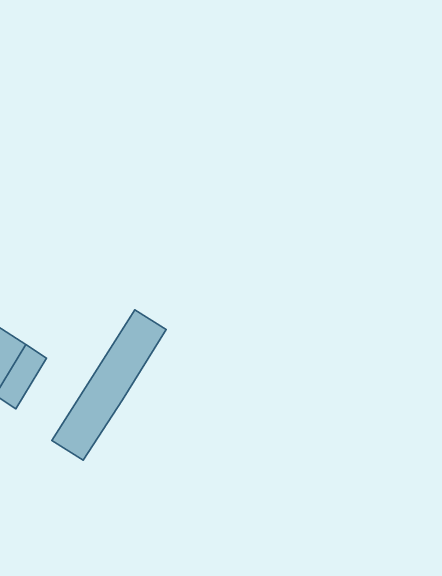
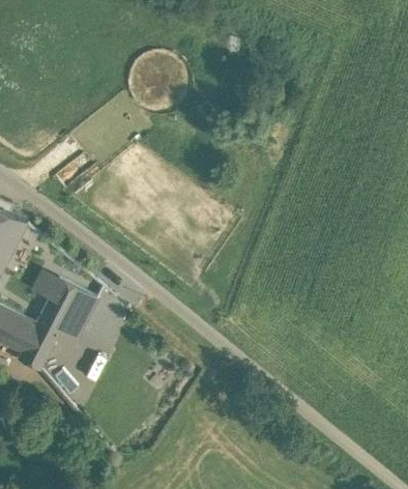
building: [52,310,166,460] -> none

